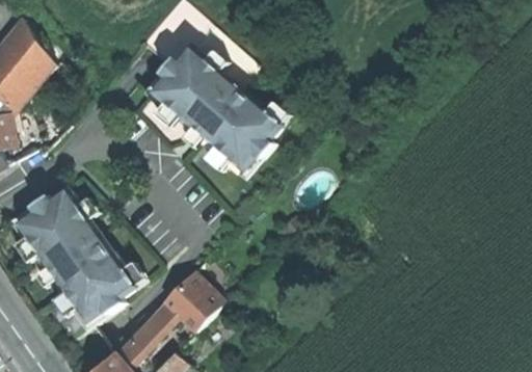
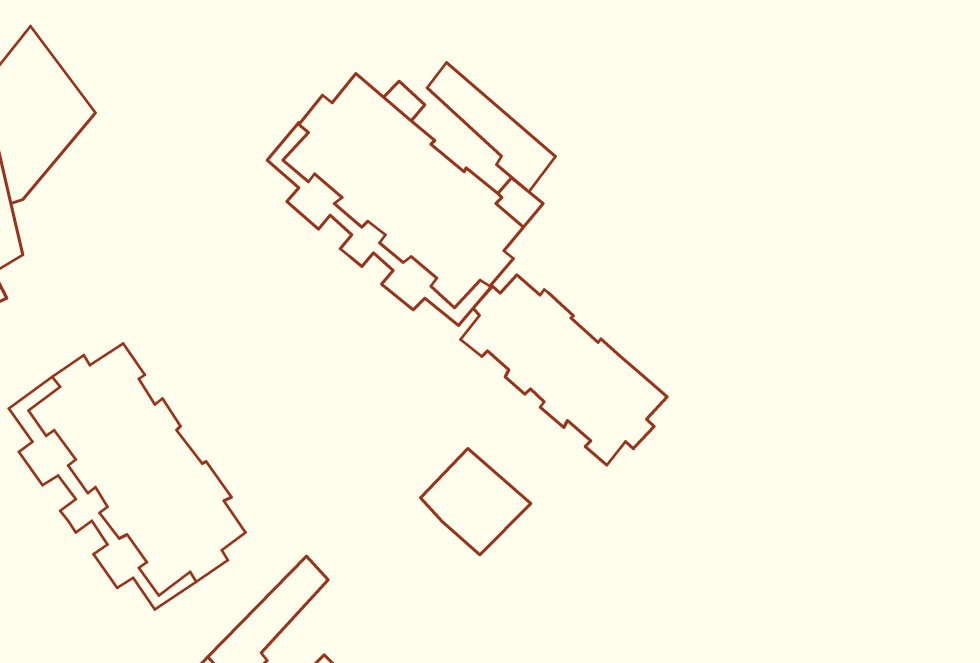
building: none -> [427,62,555,192]
building: none -> [461,275,667,465]
building: [167,273,225,329] -> [421,448,531,555]

